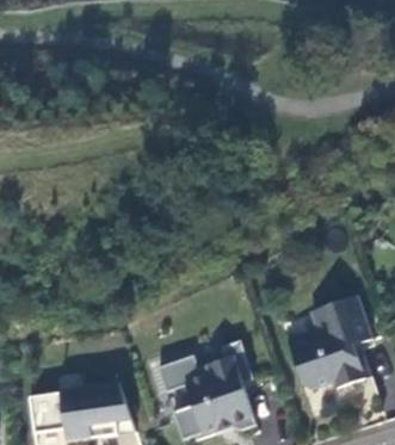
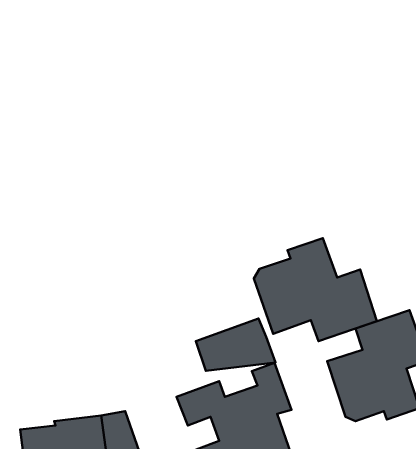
building: none -> [254,238,377,341]
building: none -> [196,318,276,371]

